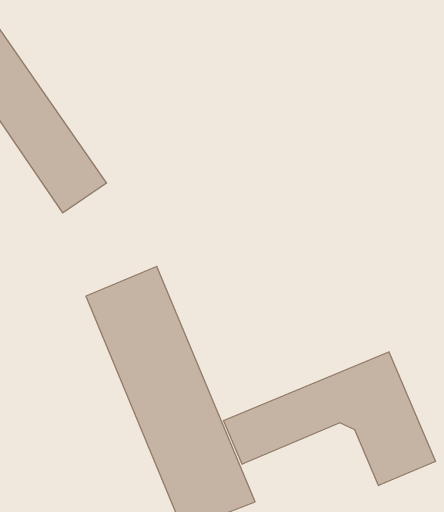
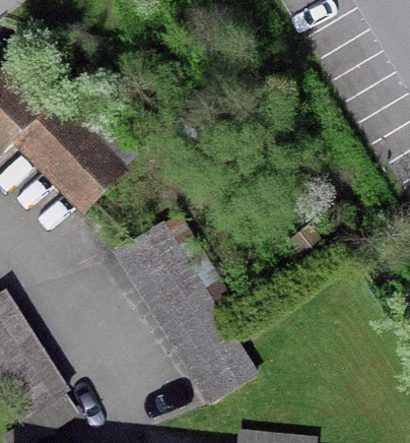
building: [224,352,435,486] -> none

